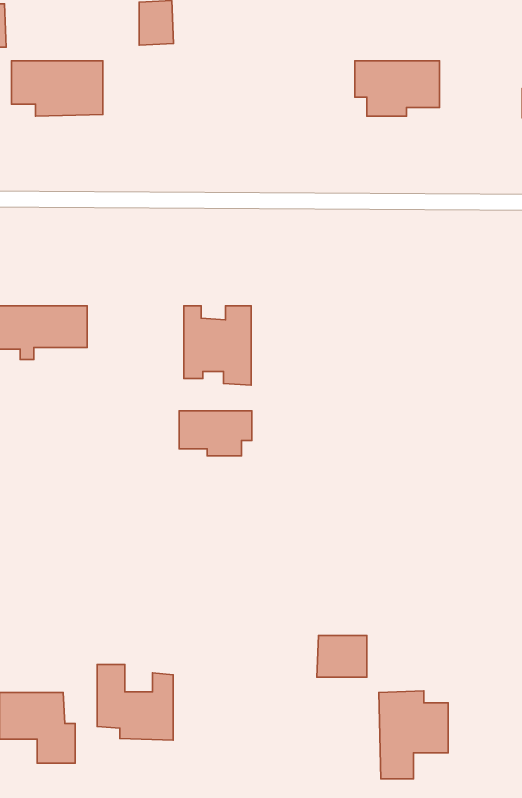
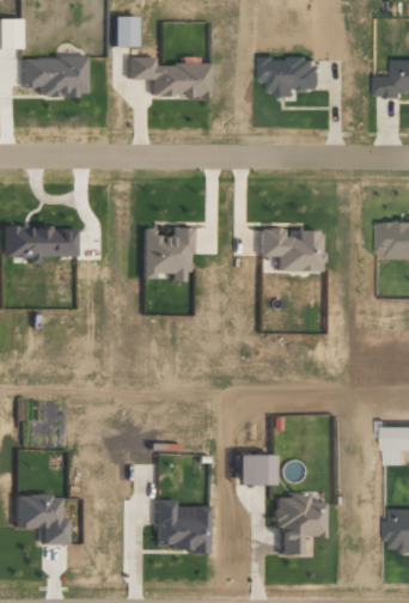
building: none -> [127,55,207,96]
building: none -> [258,226,321,270]
building: [179,411,252,456] -> none
building: [97,664,173,740] -> [154,499,207,552]

